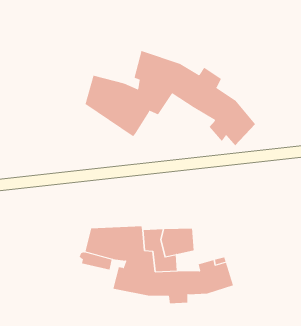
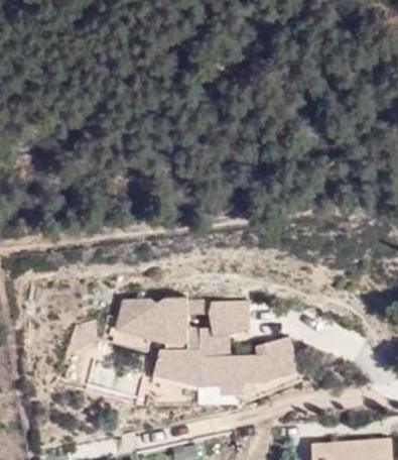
building: [85,50,256,146] -> none

